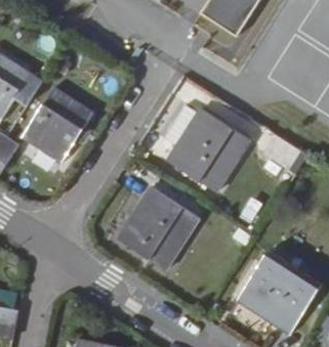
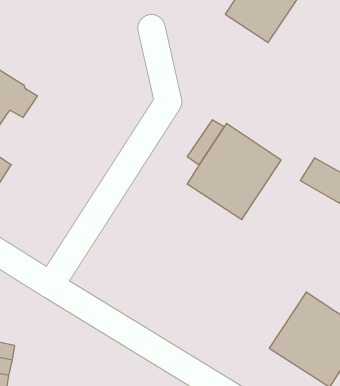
building: [22,90,89,160] -> none
building: [116,185,198,269] -> none

